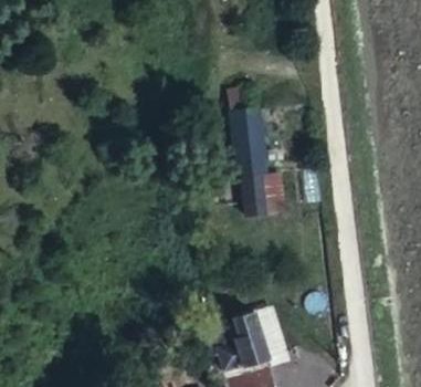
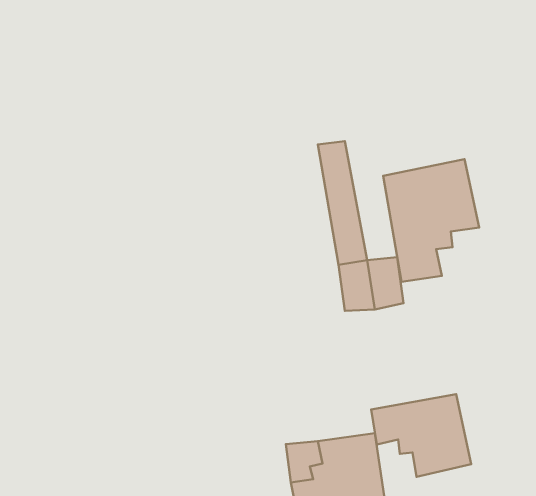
building: none -> [383,159,479,282]
building: none -> [371,394,471,477]

